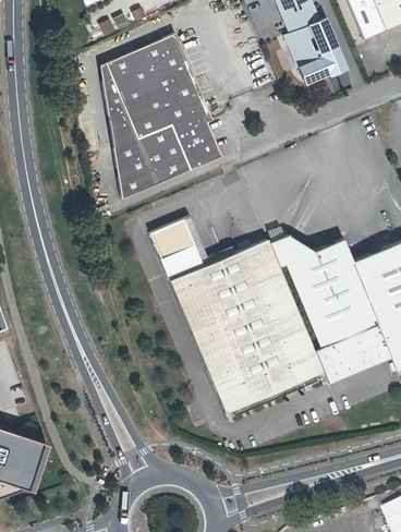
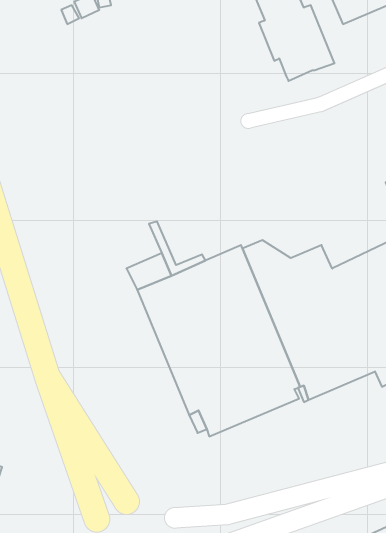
building: [102,32,223,197] -> none
building: [147,220,192,262] -> none

